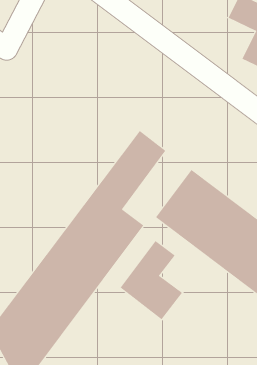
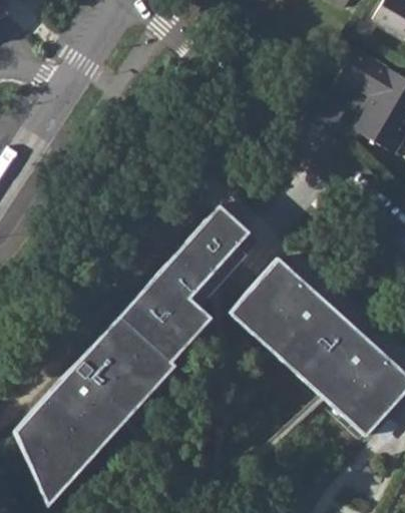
building: [120,240,183,320] -> none

